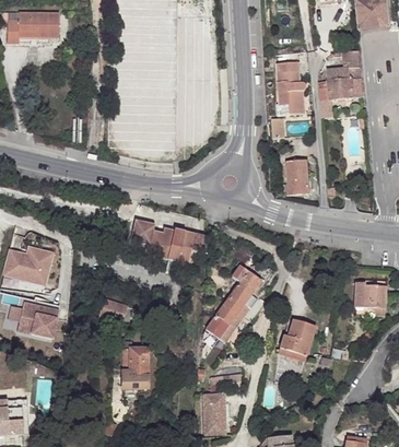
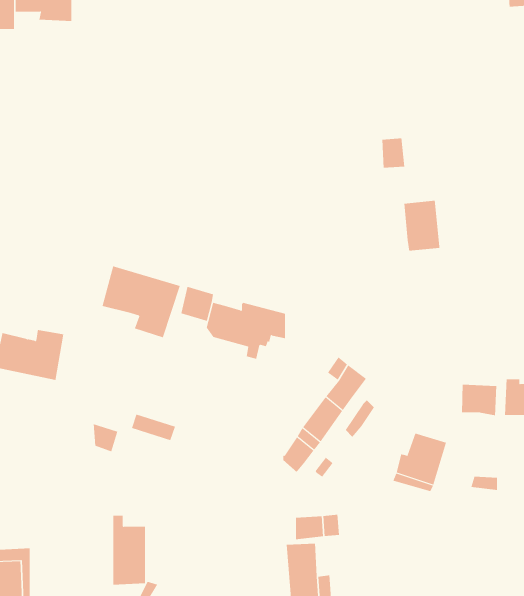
building: [317,48,362,99] -> none
building: [275,60,305,113] -> none
building: none -> [102,266,181,338]
building: none -> [462,384,497,416]
building: [17,297,59,337] -> none
building: [122,340,145,388] -> [112,515,146,585]

